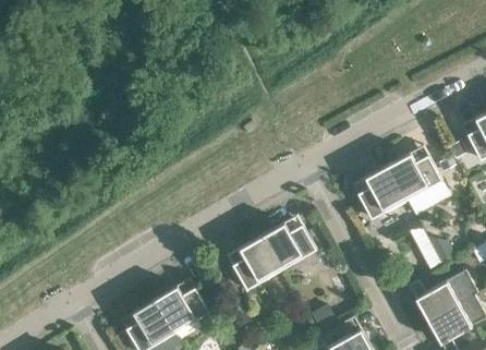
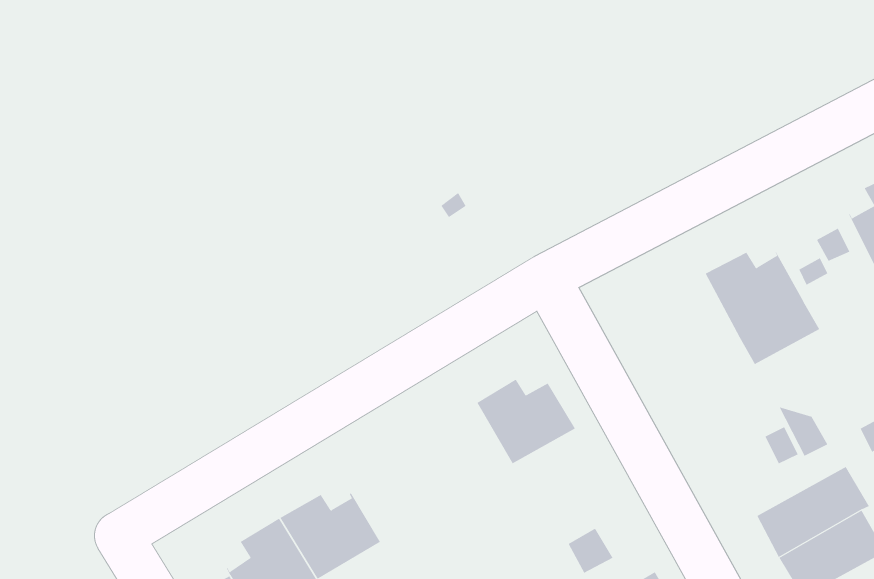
building: [355,165,405,219] -> none
building: [230,236,281,290] -> none

